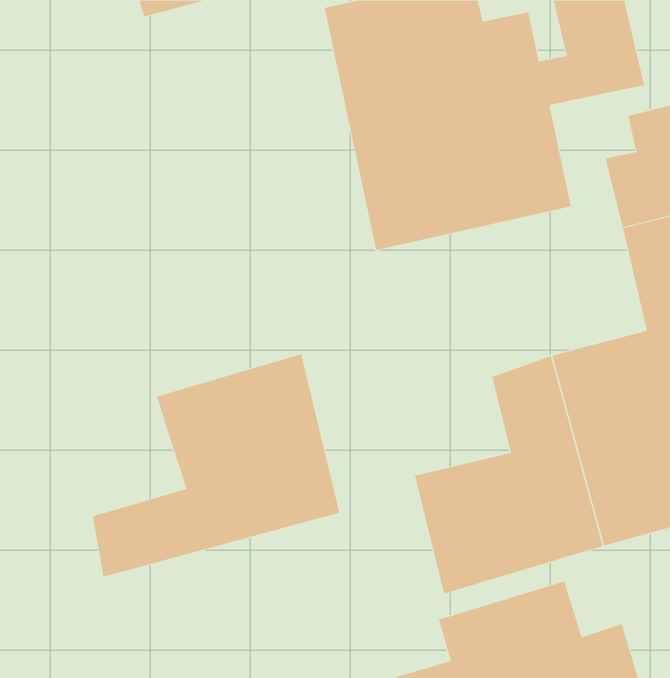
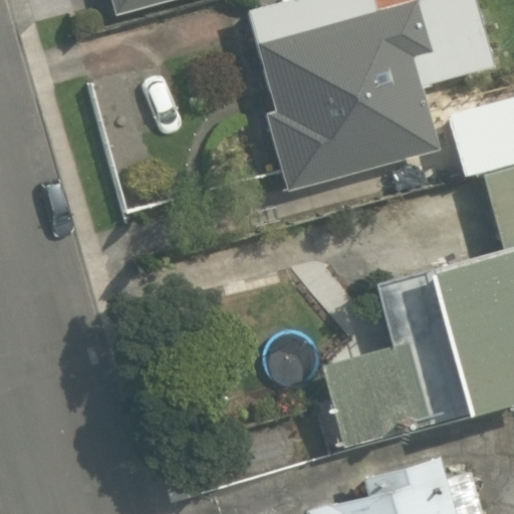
building: [93,353,340,578] -> none

